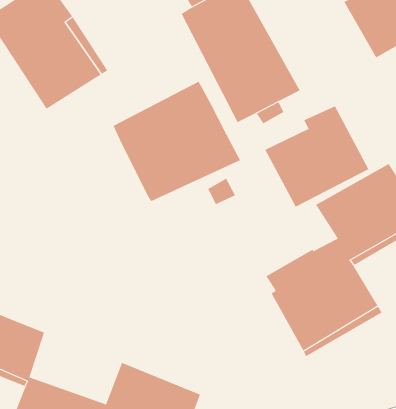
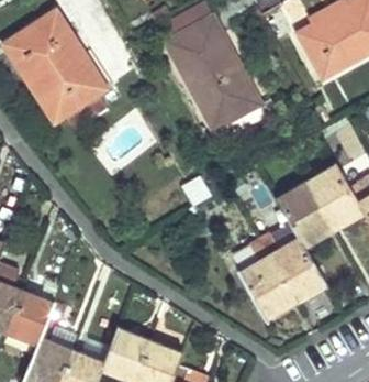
building: [113,81,241,202] -> none
building: [264,105,369,208] -> none

